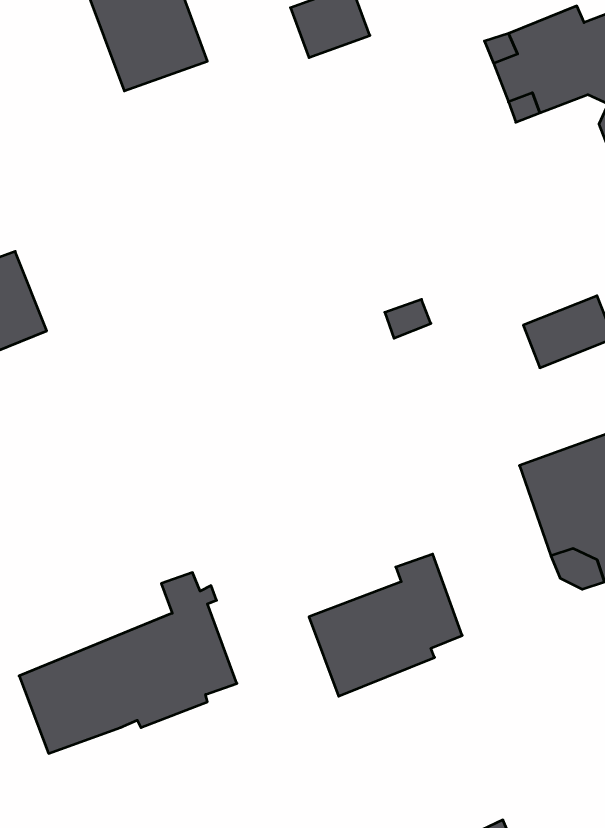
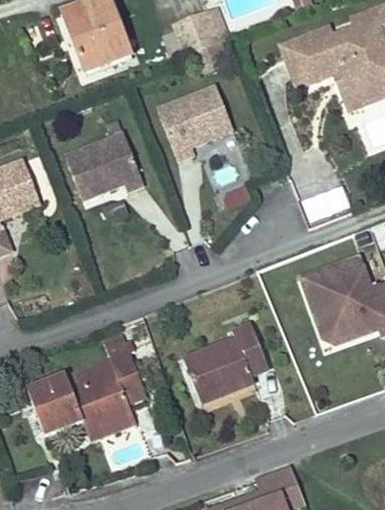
building: none -> [158,86,234,160]
building: none -> [66,133,145,199]
building: none -> [82,404,136,438]

